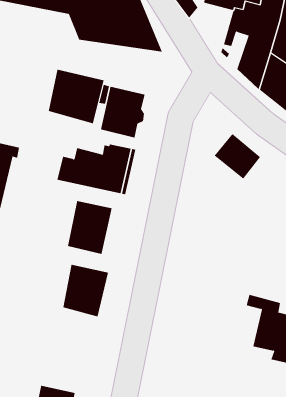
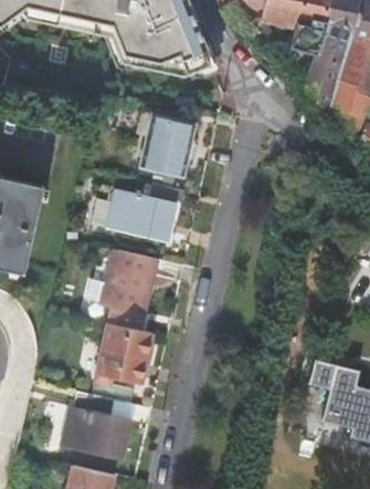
building: [48,69,104,124] -> none
building: [214,133,261,180] -> none
building: none -> [61,391,133,460]

